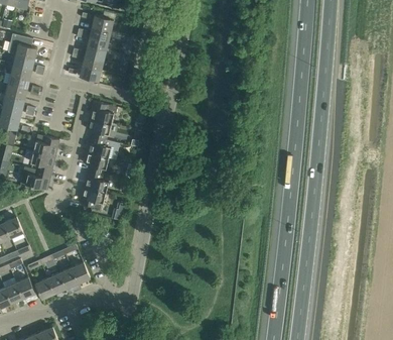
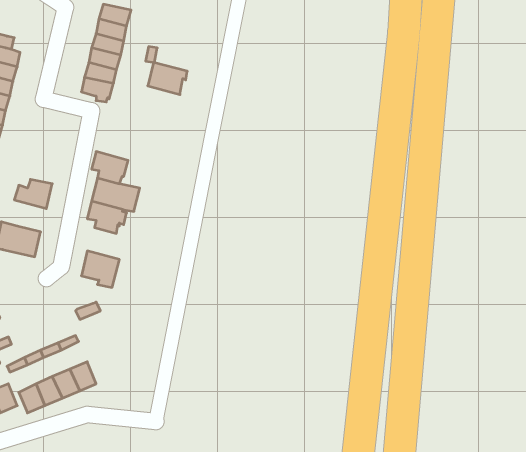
building: [90,101,117,123] -> [148,62,187,95]
building: [30,150,55,173] -> none
building: [84,169,110,192] -> none

